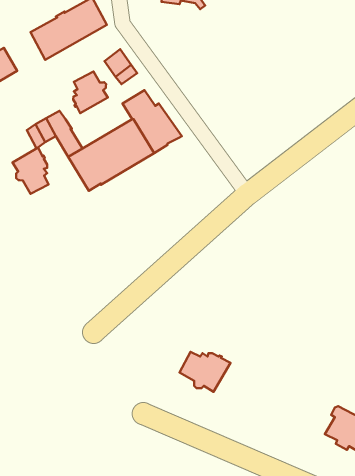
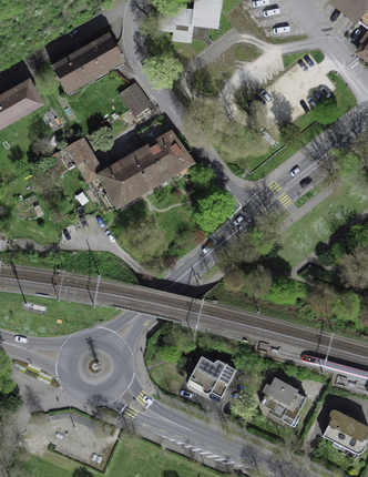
building: [73,72,108,113] -> none
building: [13,148,49,194] -> none
building: none -> [260,377,306,419]

